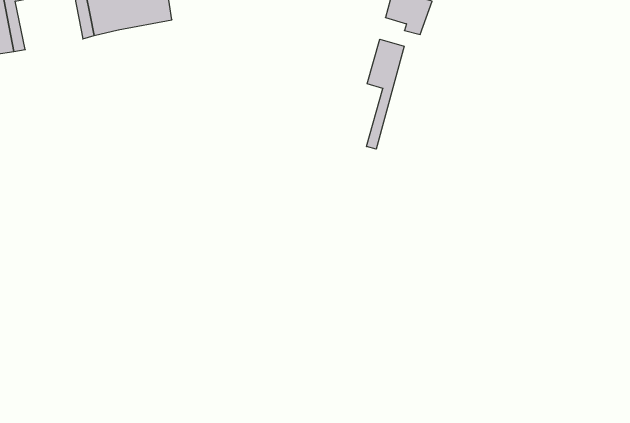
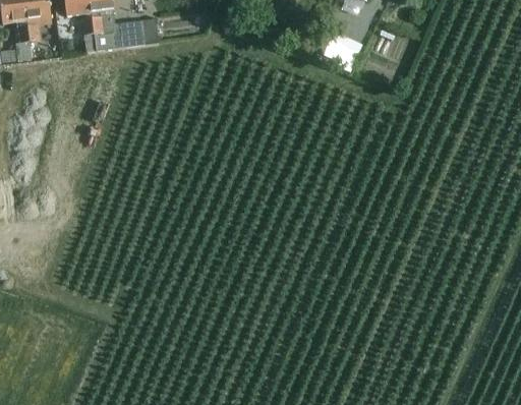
building: [367,39,404,149] -> none

